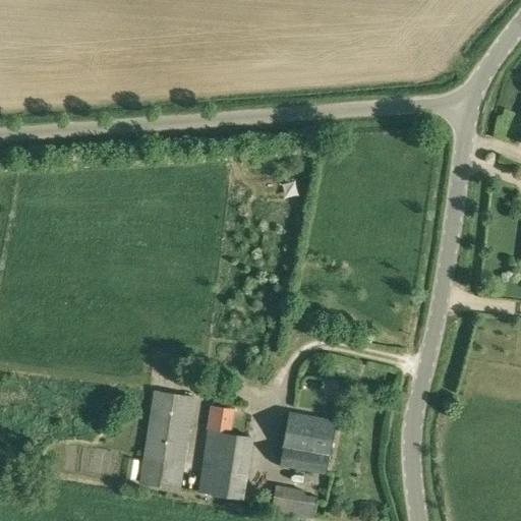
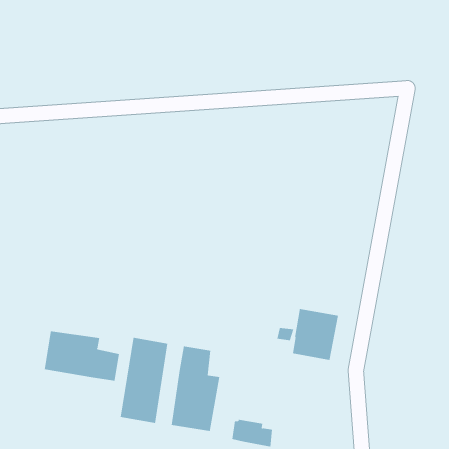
building: none -> [44,331,119,381]
building: [281,413,335,473] -> [292,309,339,360]

